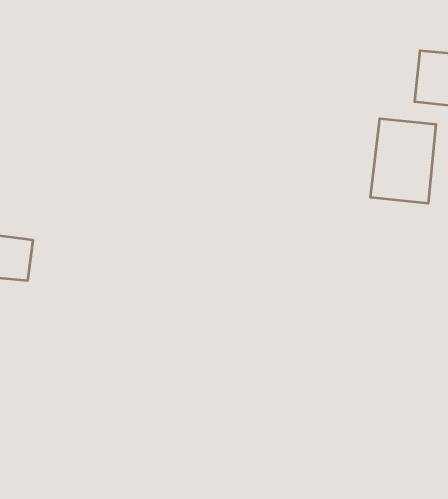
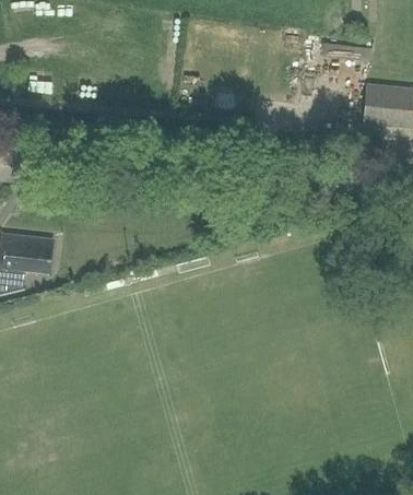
building: [371,119,436,203] -> none

